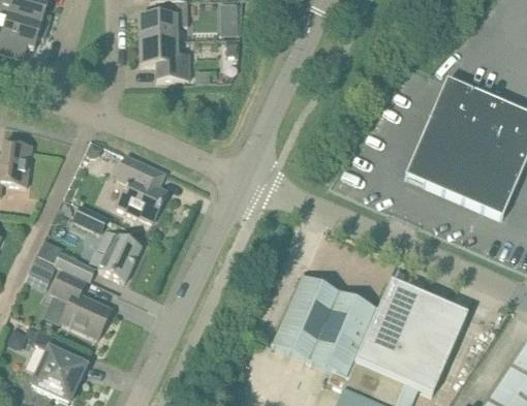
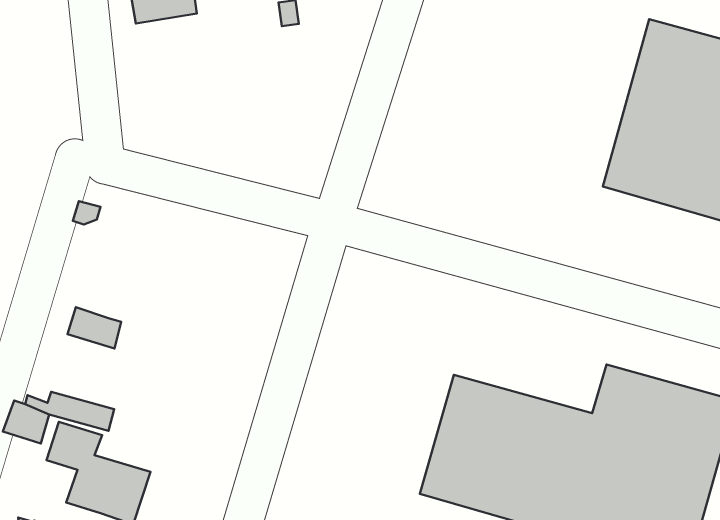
building: [140,37,189,77] -> none
building: [116,153,166,219] -> none
building: [97,229,141,280] -> none

